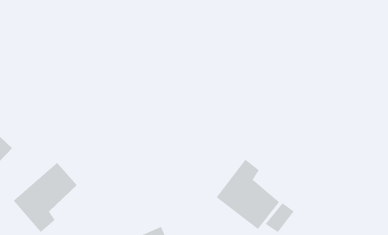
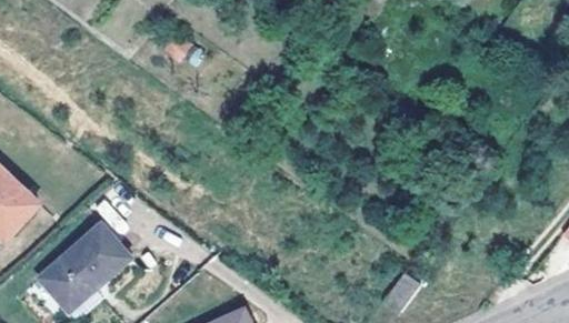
building: [216,159,280,230] -> none

